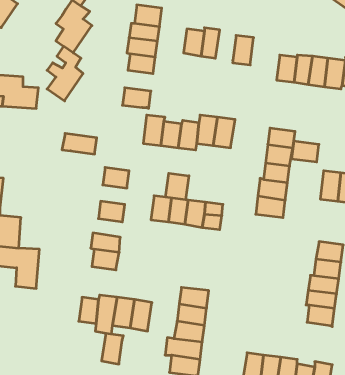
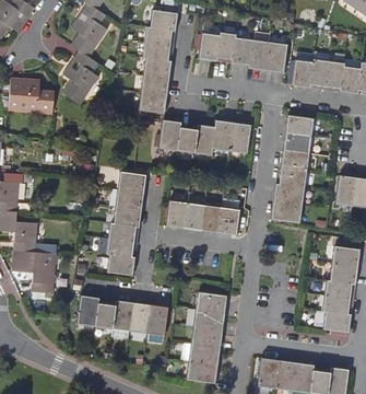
building: none -> [232,34,253,65]
building: none -> [267,42,286,72]
building: none -> [141,74,169,95]
building: [62,133,97,154] -> [108,188,143,209]
building: [292,141,319,162] -> [286,115,314,136]
building: [166,173,189,200] -> none
building: none -> [109,222,139,242]
building: [102,334,123,364] -> [78,296,99,326]

